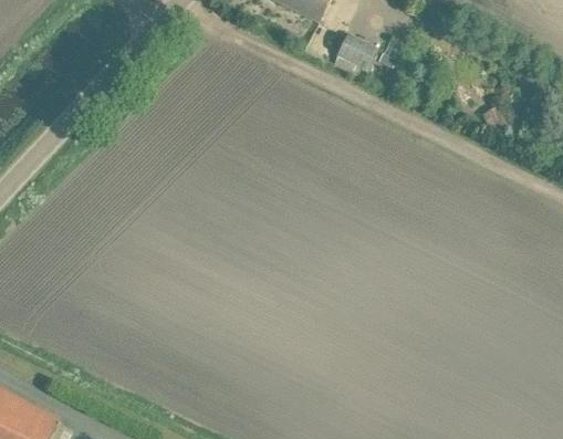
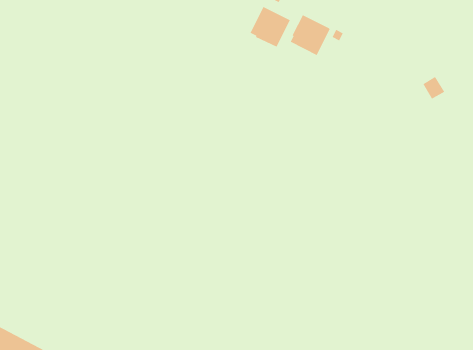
building: none -> [250,6,291,48]

